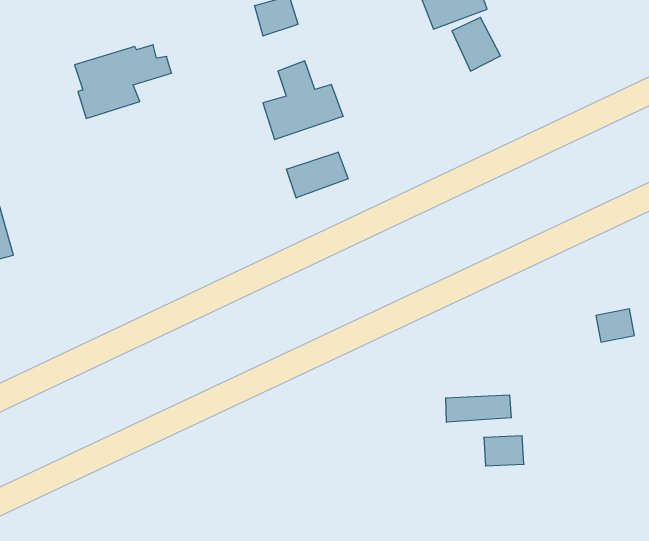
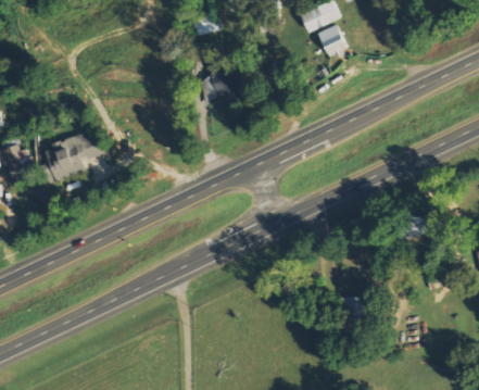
building: [75,45,172,118] -> [46,134,109,181]
building: [286,152,348,198] -> none
building: [446,395,511,422] -> none

